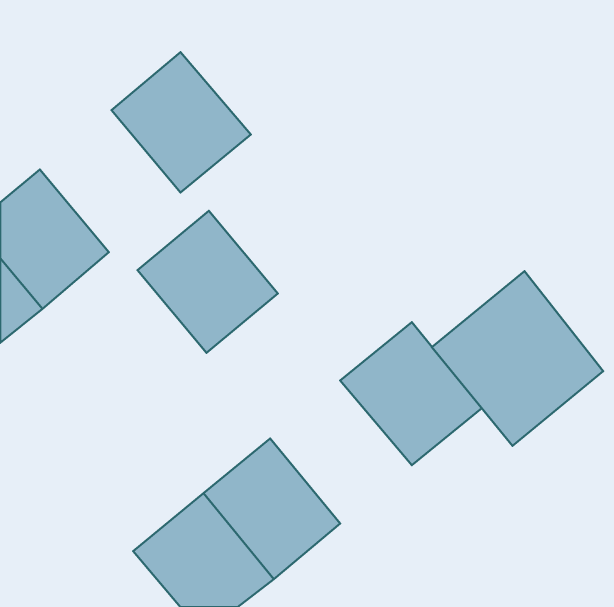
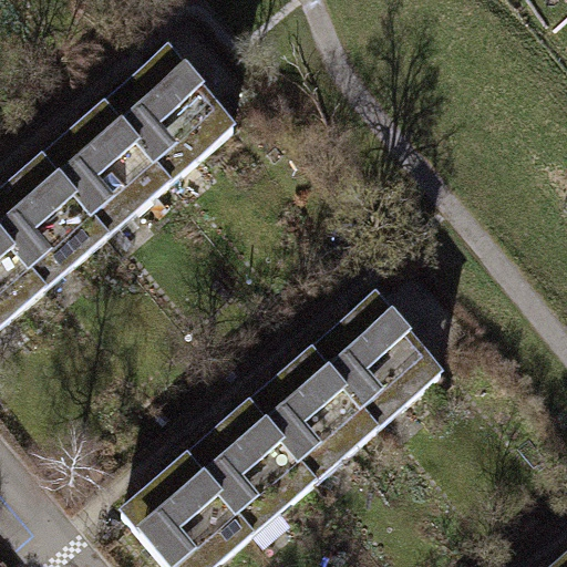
building: [138,211,278,353] -> [41,101,169,230]
building: [432,271,603,446] -> none
building: none -> [251,348,381,478]

